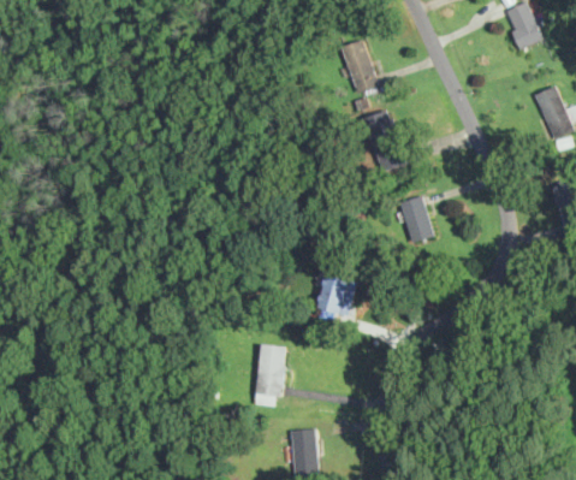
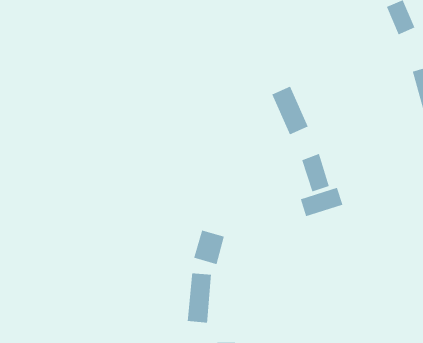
building: [340,40,380,94] -> none
building: none -> [300,187,343,217]
building: [317,273,357,318] -> [193,229,225,265]

